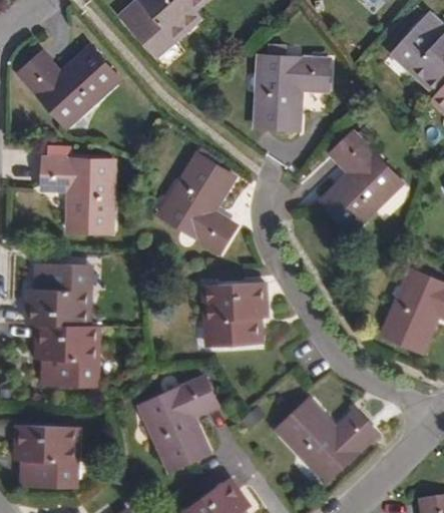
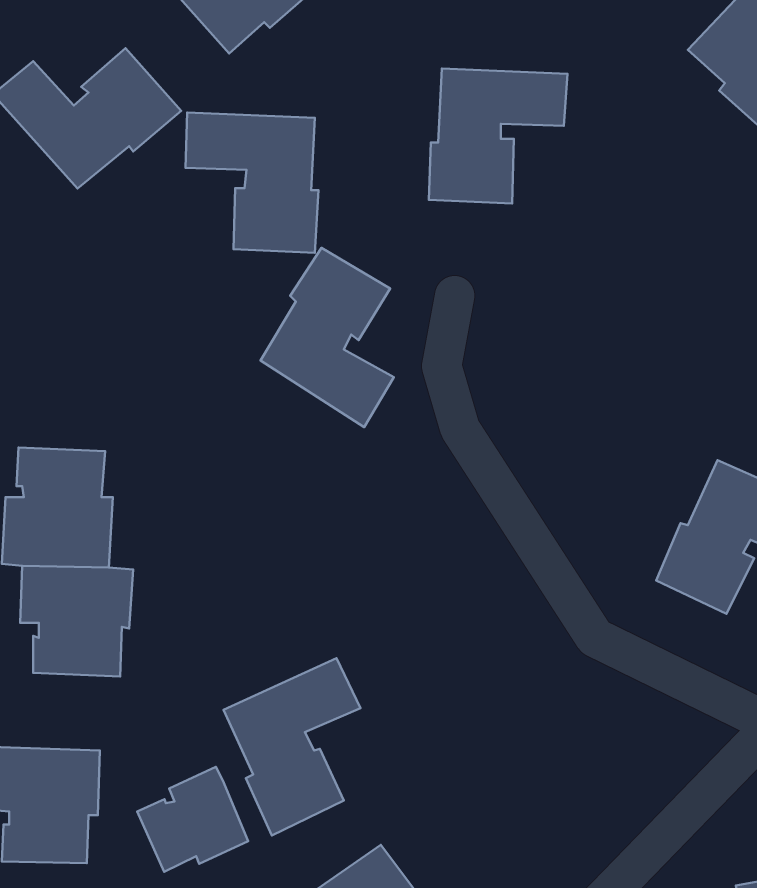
building: [321,132,399,233] -> none
building: [41,157,113,233] -> [185,112,319,253]
building: [205,283,267,346] -> none
building: [279,396,380,476] -> none
building: none -> [137,767,248,872]

